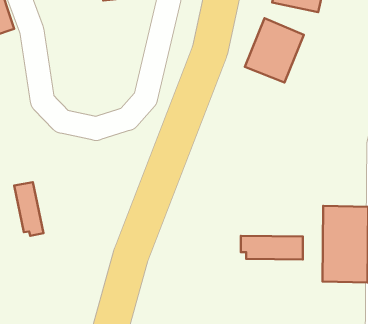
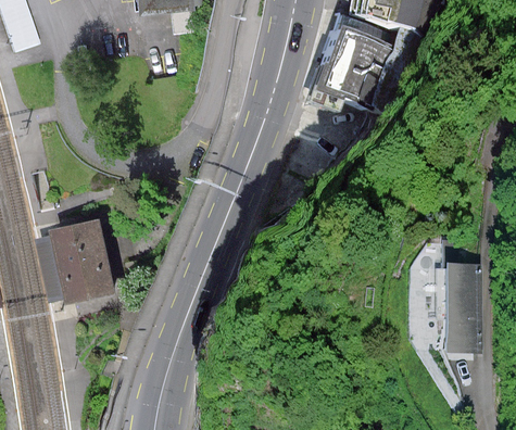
building: none -> [60,218,118,294]
building: [241,236,303,259] -> none

